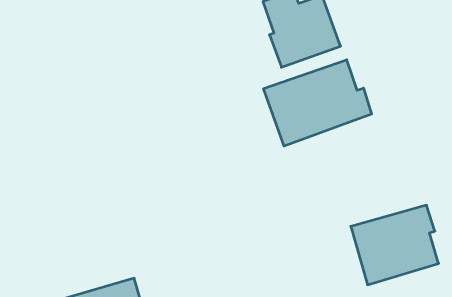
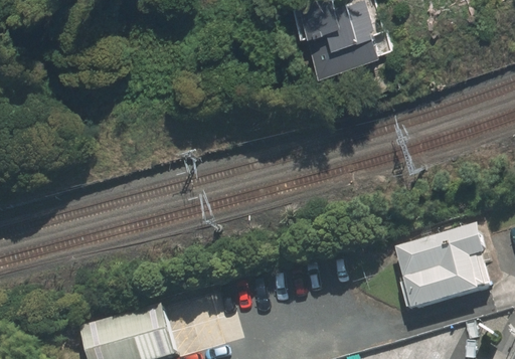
building: [264,60,372,146] -> none

